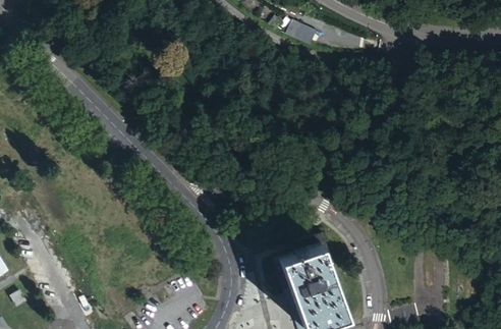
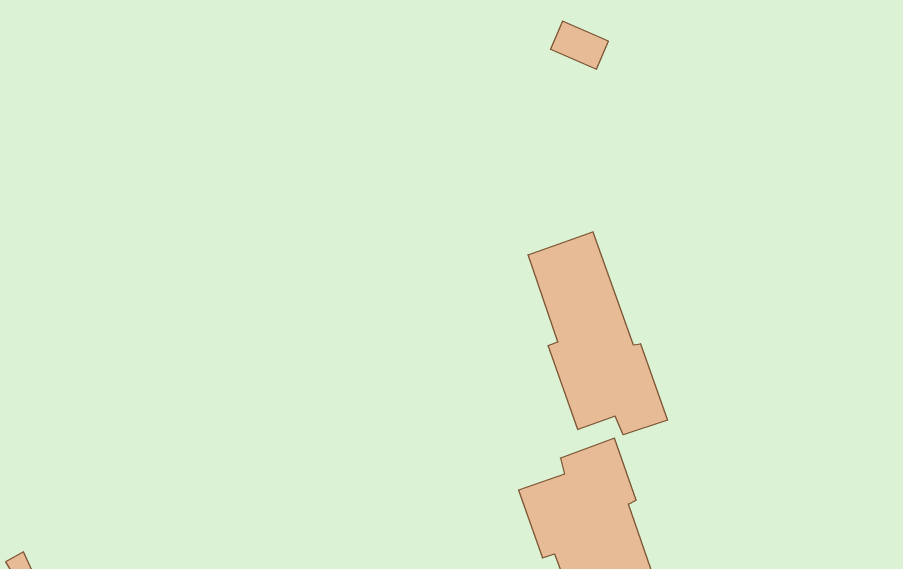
building: none -> [528,232,667,435]

